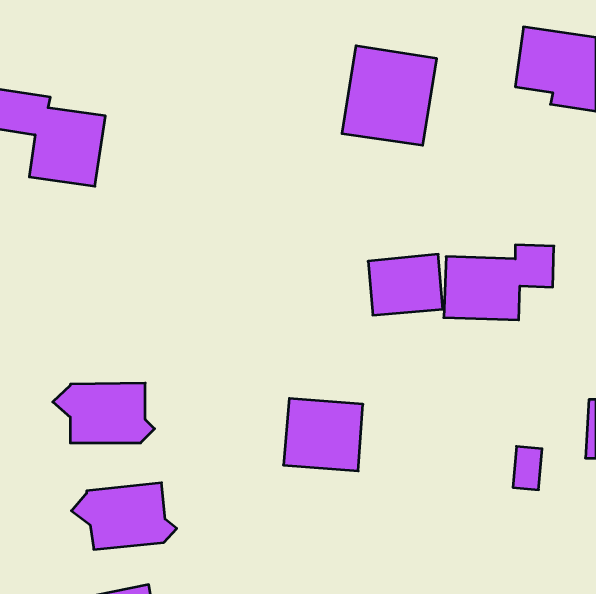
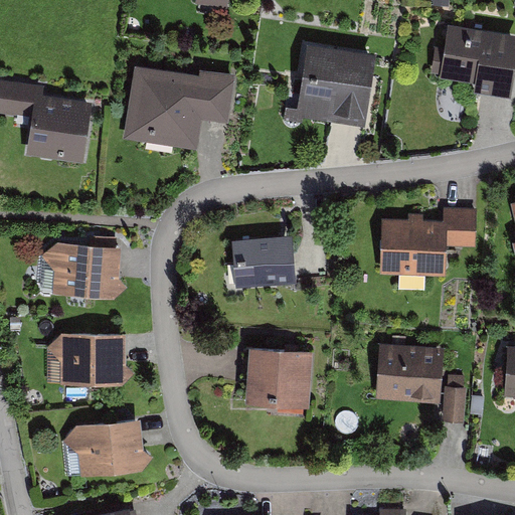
building: none -> [122,64,234,152]
building: [368,254,443,315] -> [230,235,295,288]
building: none -> [42,242,126,297]
building: none -> [375,345,442,404]

